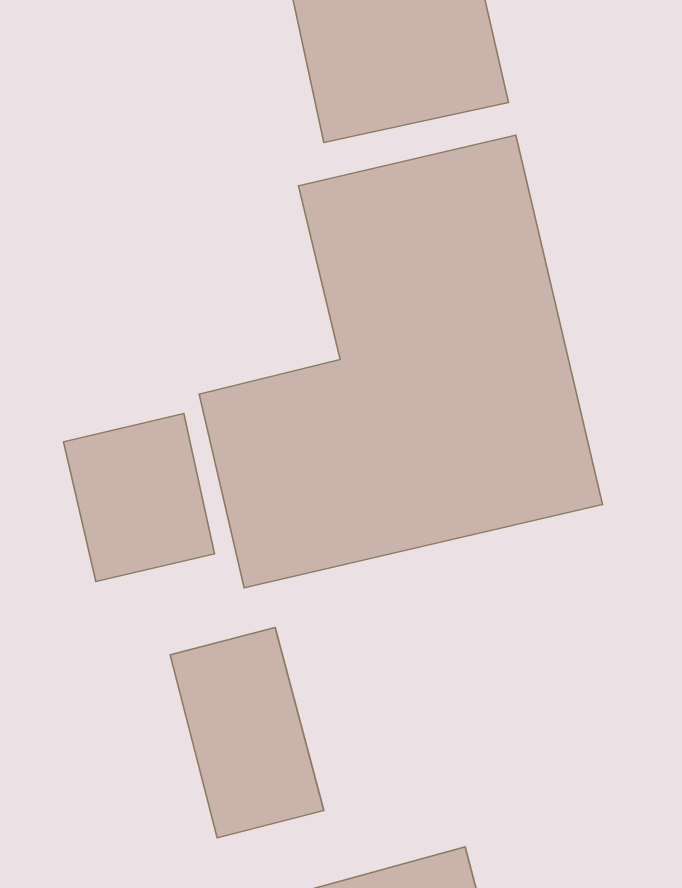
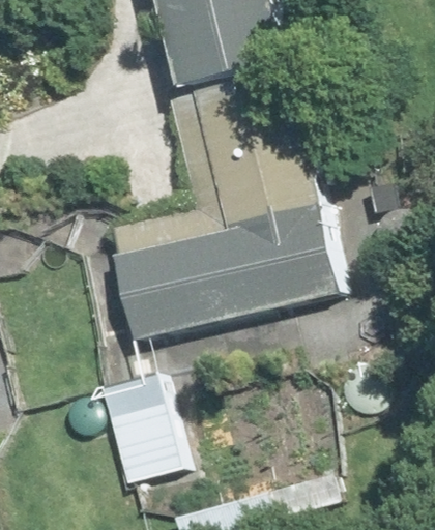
building: [63,413,215,581] -> none

